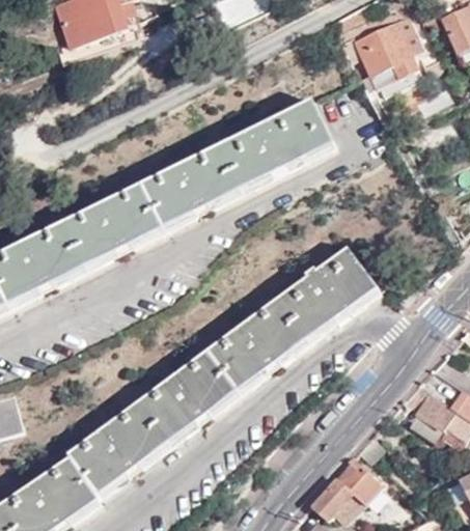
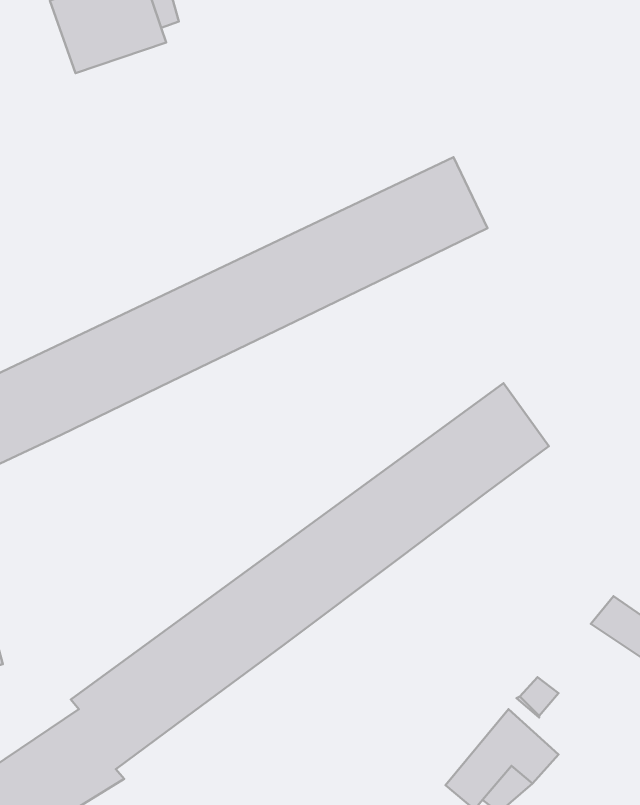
building: [350,7,417,84] -> none

